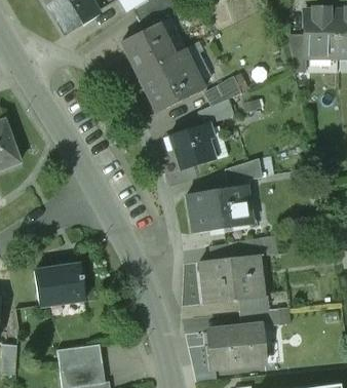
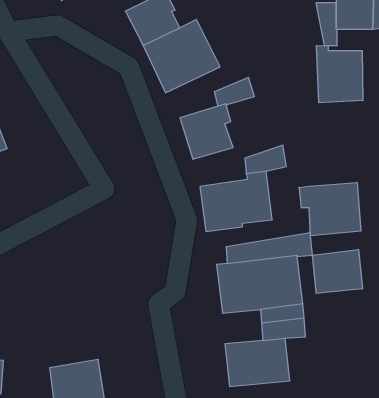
building: none -> [316,46,363,103]
building: [205,77,243,106] -> none
building: none -> [299,182,361,236]
building: none -> [312,249,362,293]
building: [34,263,84,306] -> none

